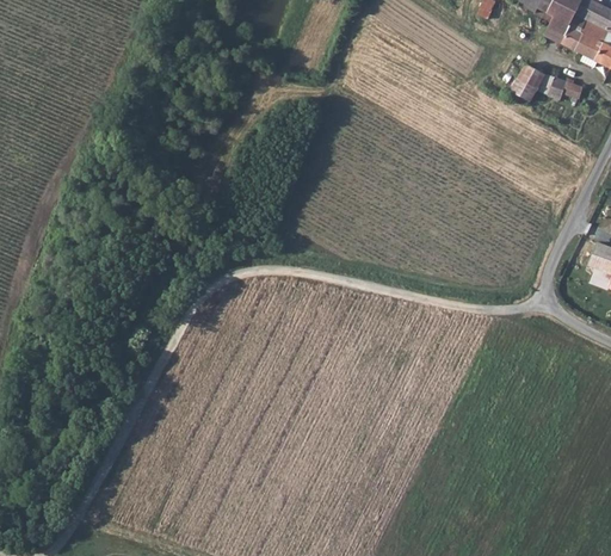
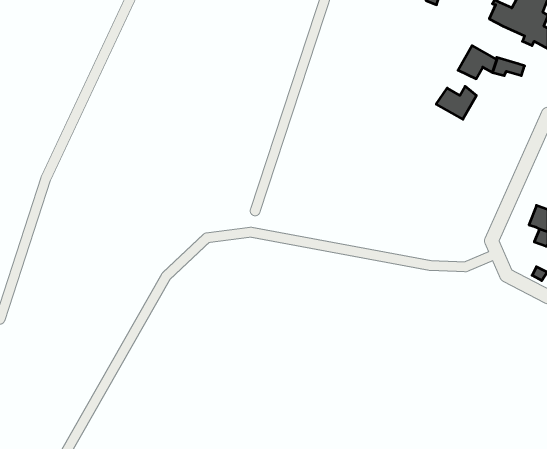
building: none -> [436,86,476,119]

